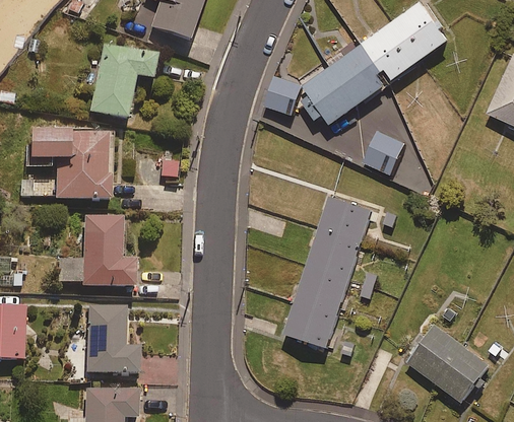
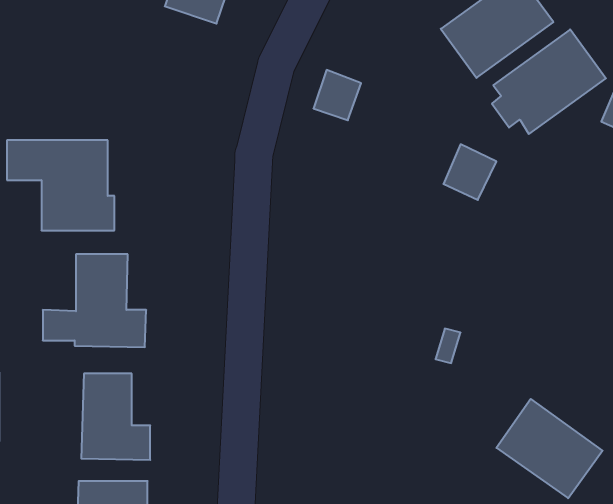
building: [90,42,158,118] -> none
building: [303,43,390,123] -> [492,29,606,134]
building: [285,196,372,346] -> none

